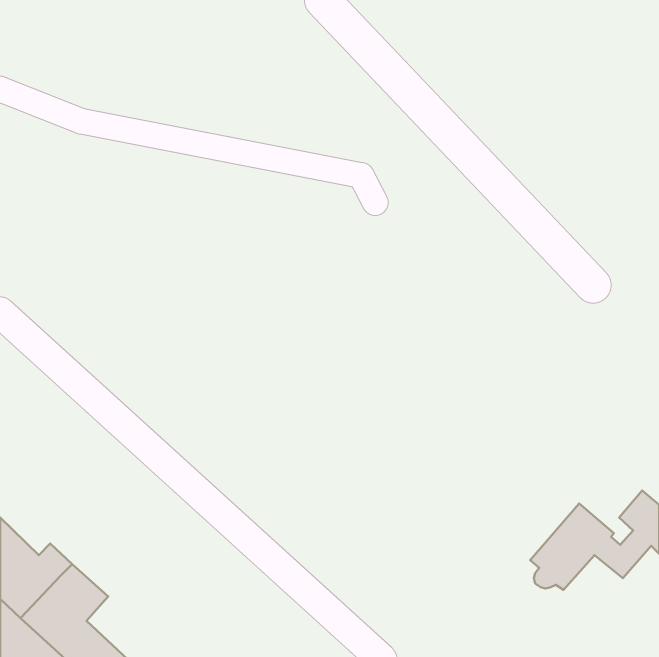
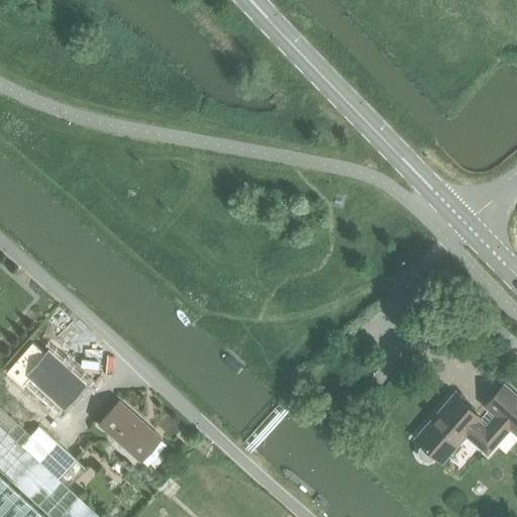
building: none -> [27,353,86,408]
building: none -> [99,403,161,462]

